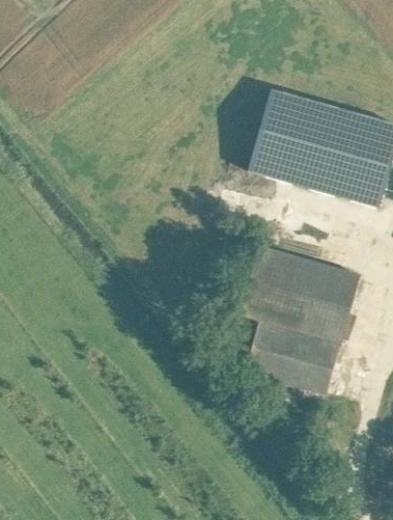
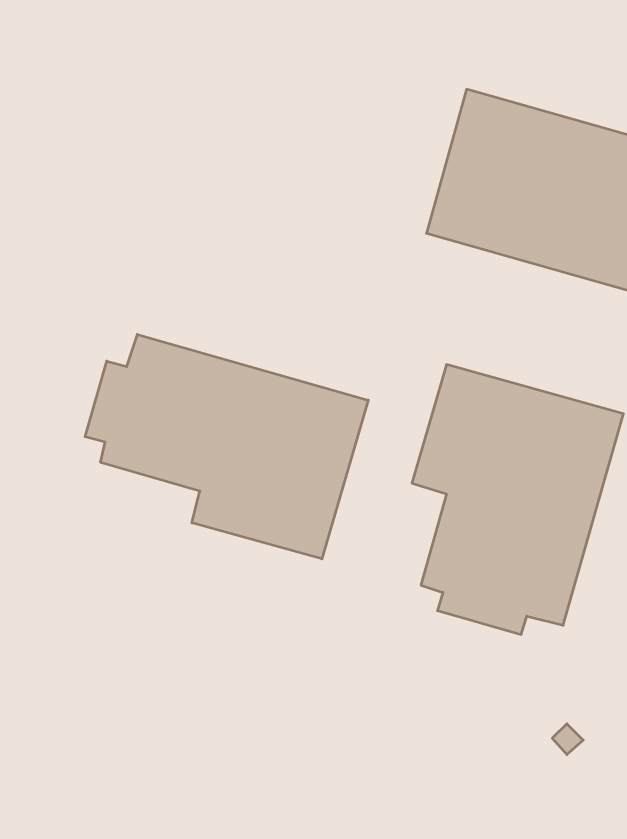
building: none -> [85,334,368,559]

